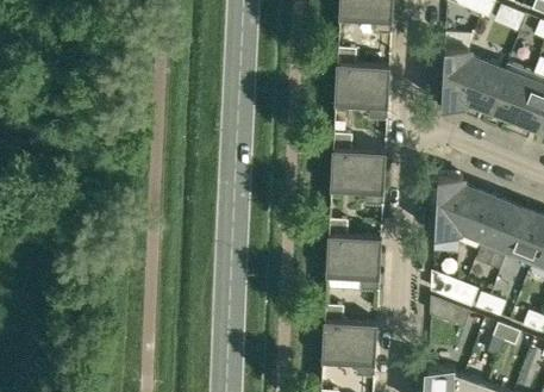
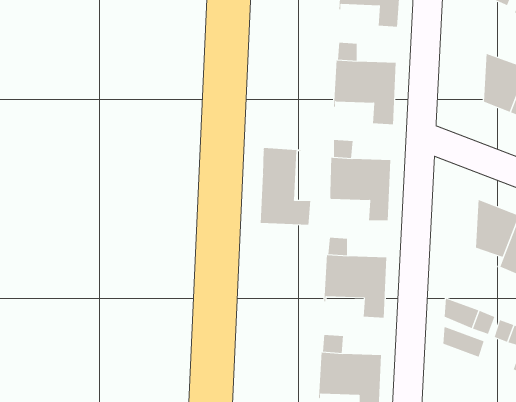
building: [442,49,469,110] -> none
building: none -> [260,147,311,226]
building: [434,176,463,237] -> none

